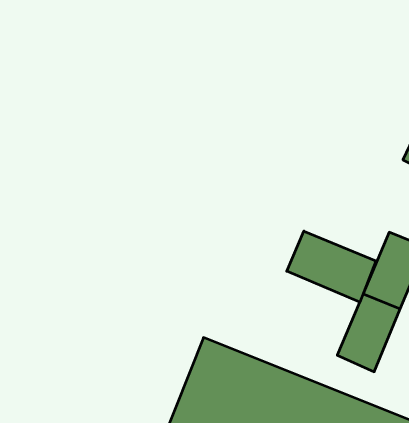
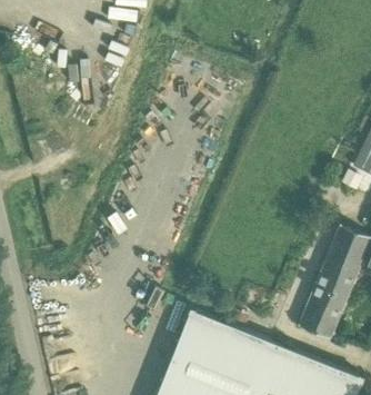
building: [287,231,376,302] -> none

